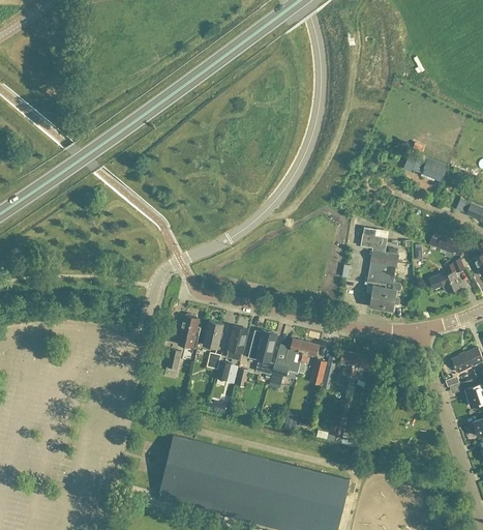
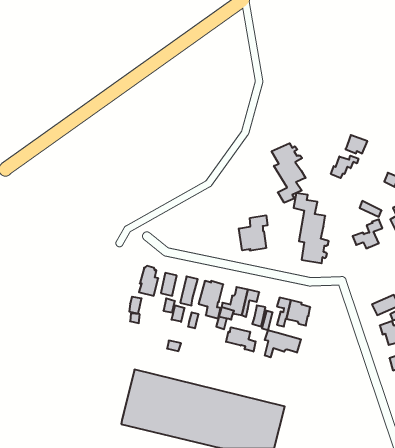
building: none -> [272,143,306,203]
building: none -> [331,156,358,178]
building: none -> [239,215,267,251]
building: none -> [226,327,256,352]
building: none -> [265,330,301,357]

